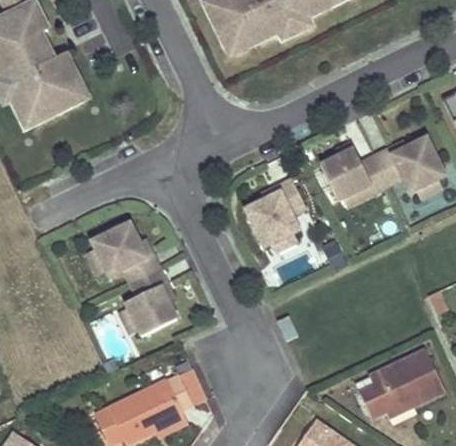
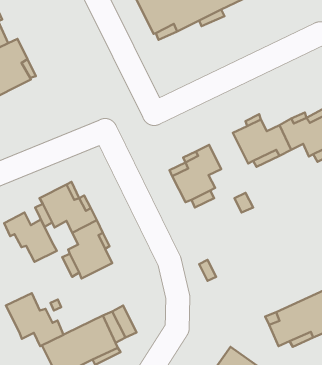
building: none -> [4,213,57,262]
building: none -> [6,293,63,346]

